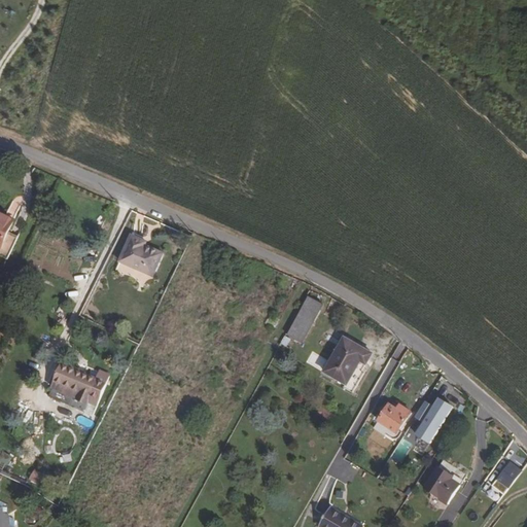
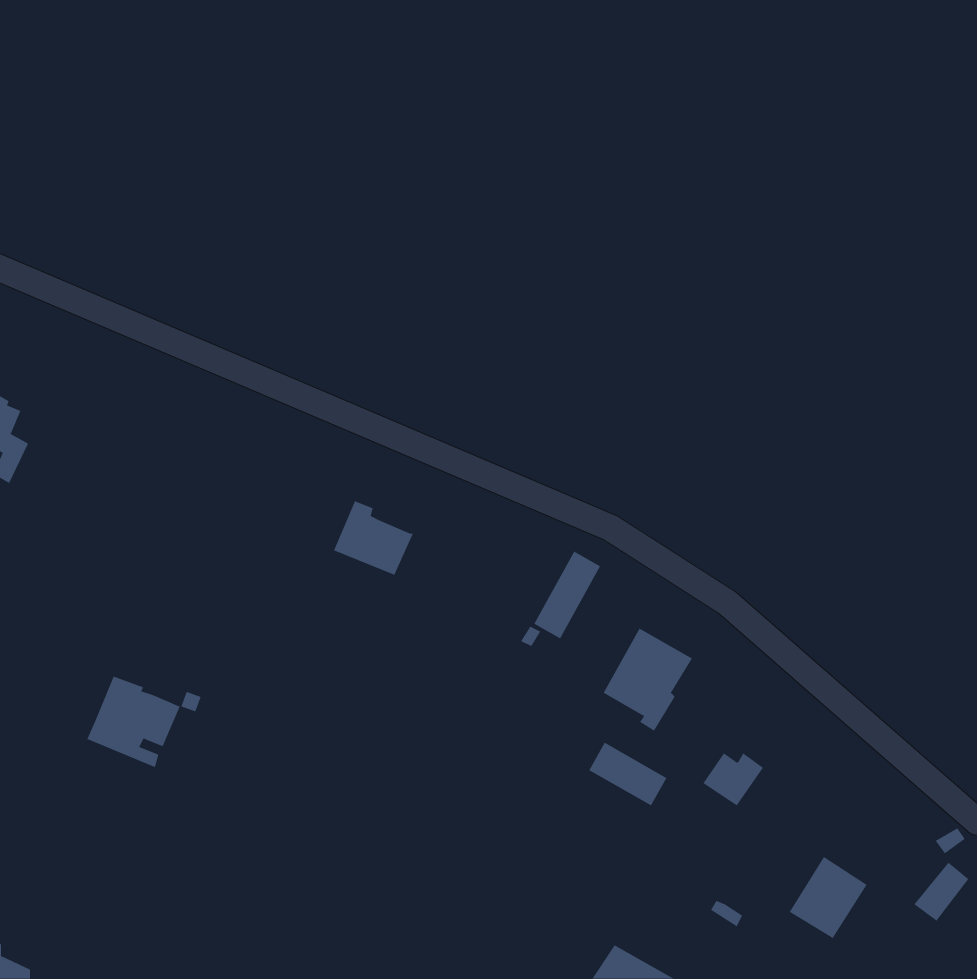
building: [118,235,162,275] -> [333,501,414,575]
building: none -> [589,742,667,806]
building: [412,400,450,446] -> none

